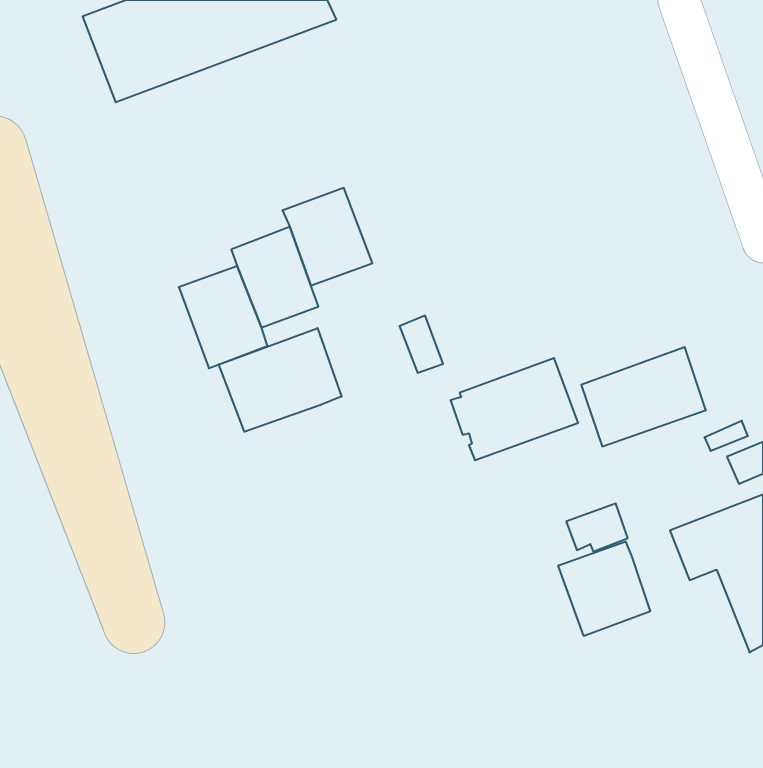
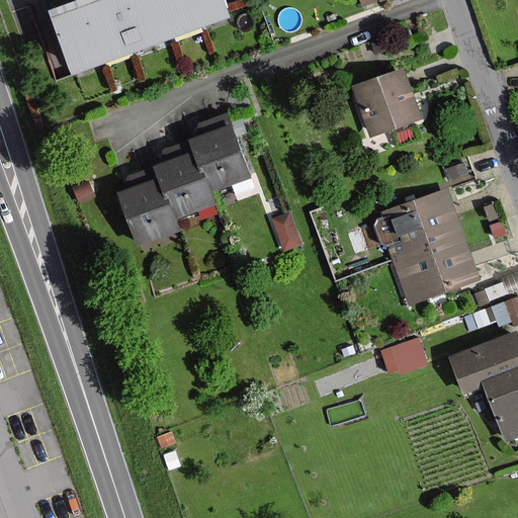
building: none -> [353,71,416,134]
building: [219,328,342,432] -> none
building: [451,358,578,460] -> [375,190,461,259]
building: [558,542,650,636] -> none

